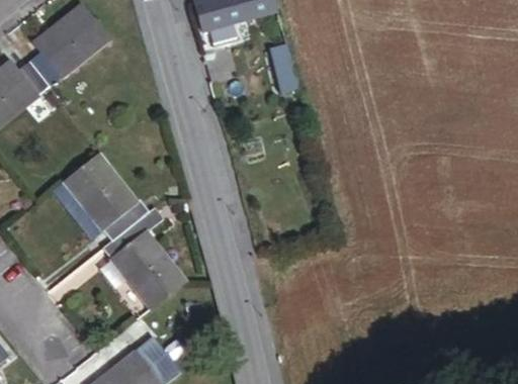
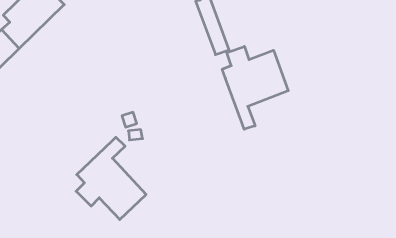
building: none -> [222,46,288,129]
building: [53,152,150,241] -> none

